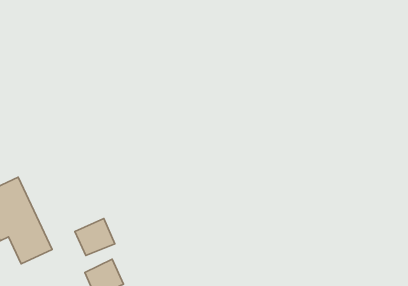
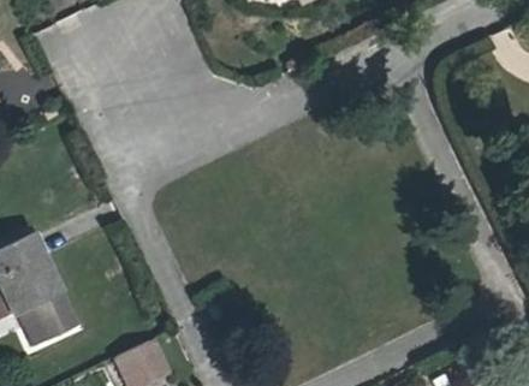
building: [75,218,115,256] -> none

